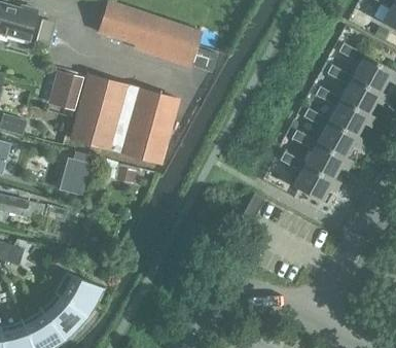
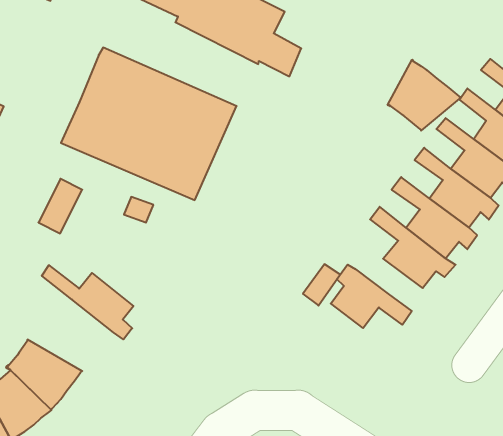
building: none -> [388,60,461,131]
building: [53,71,84,110] -> none
building: none -> [331,265,412,328]
building: none -> [42,265,133,339]

